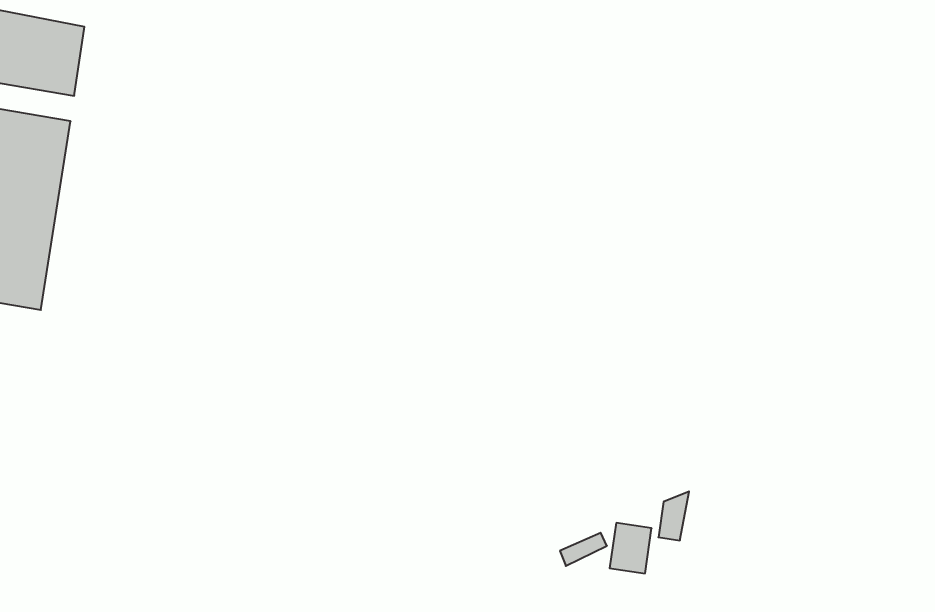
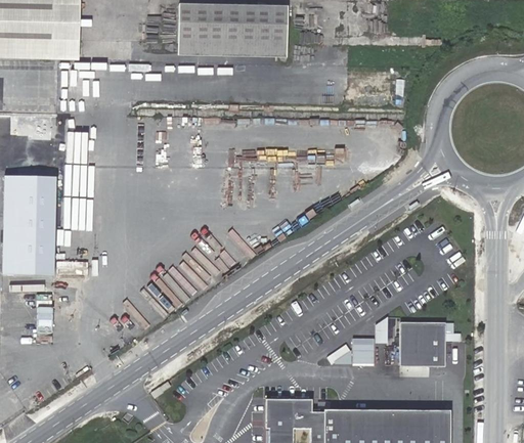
building: none -> [401,321,446,363]

